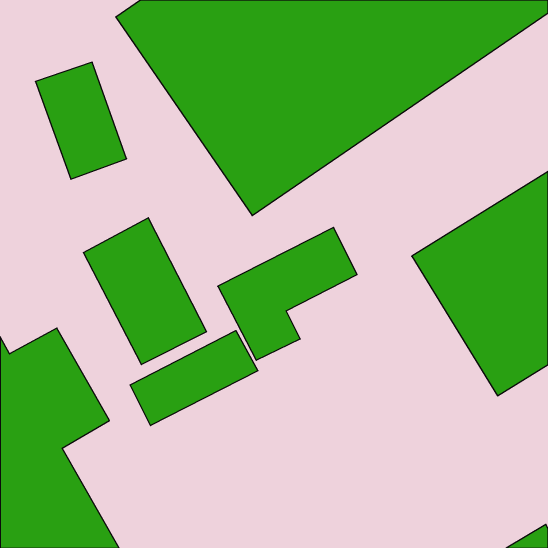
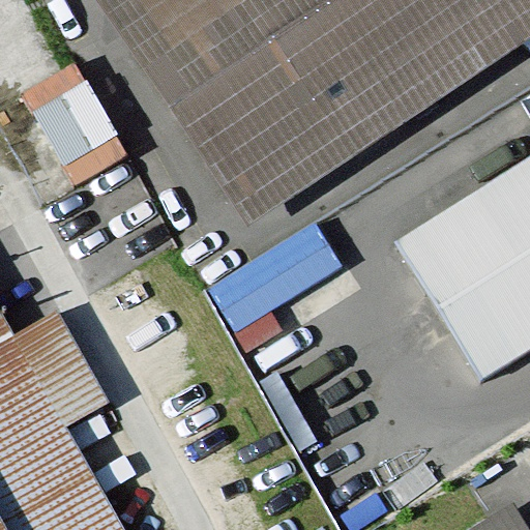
building: [83,218,206,365] -> none
building: [130,331,258,426] -> none

